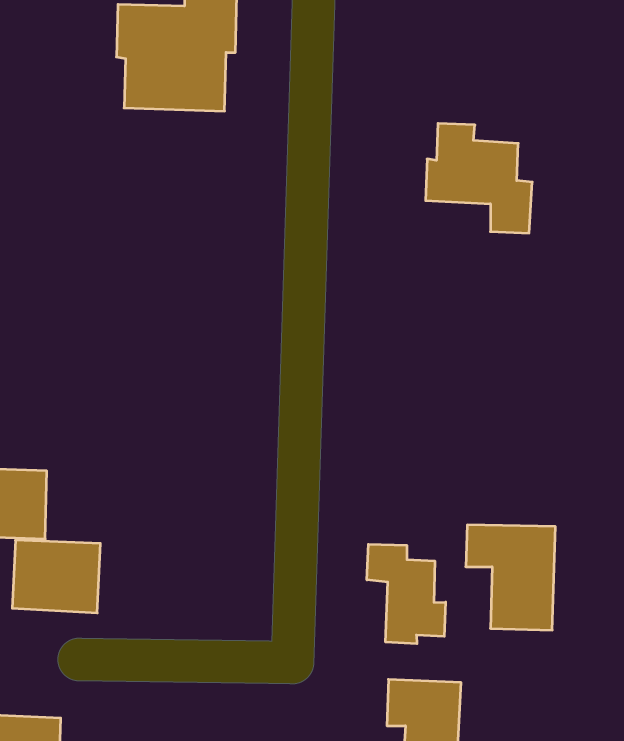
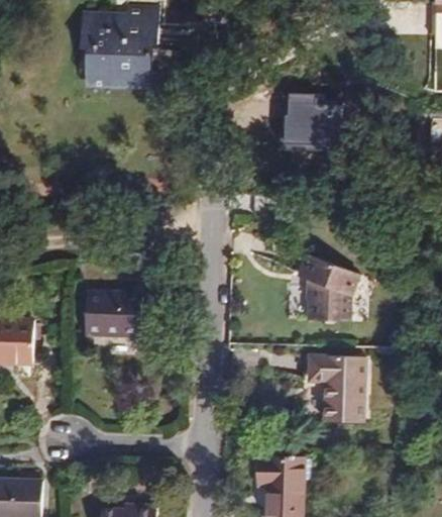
building: none -> [299,255,359,321]
building: [12,540,100,613] -> [85,291,142,338]
building: [367,544,446,644] -> none

